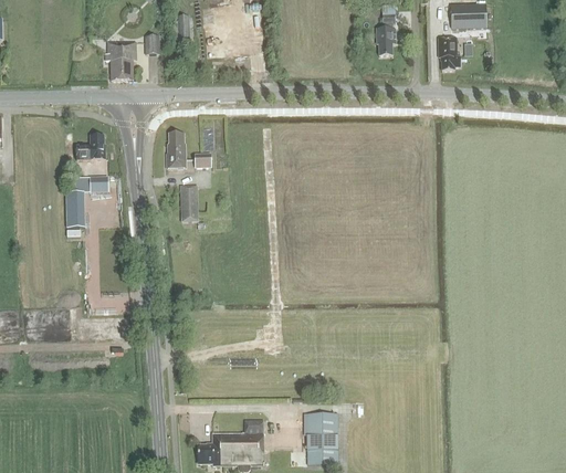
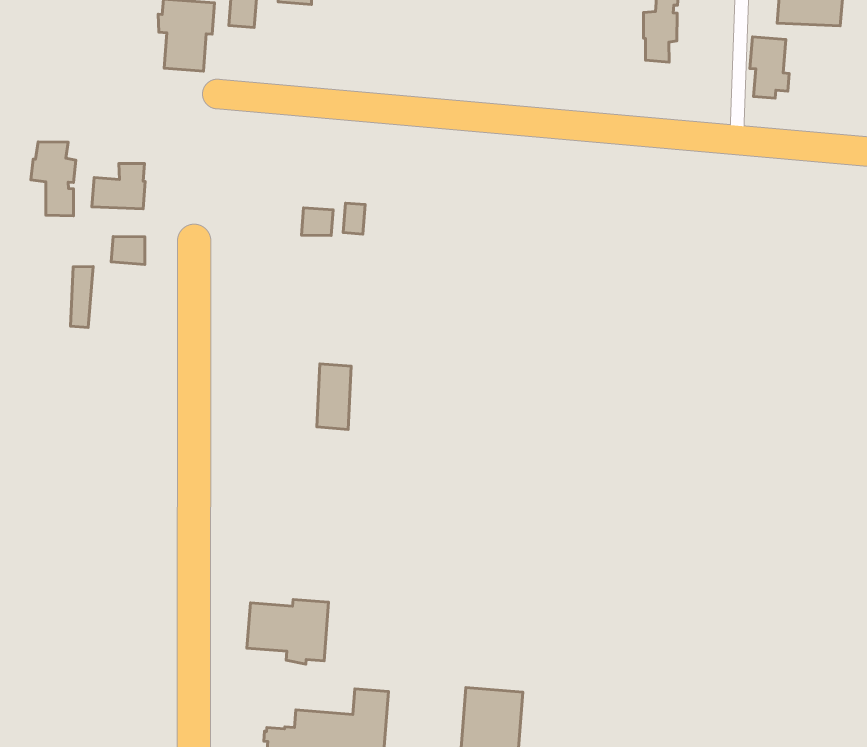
building: none -> [31,142,76,216]
building: [166,133,186,168] -> none
building: [180,186,199,221] -> [317,364,351,429]
building: none -> [247,599,329,664]

